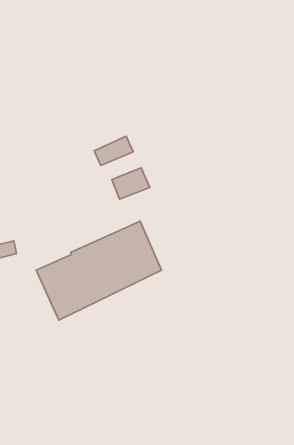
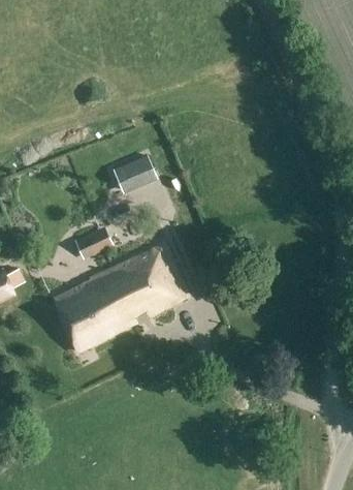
building: [112,168,150,199] -> [73,226,114,259]

